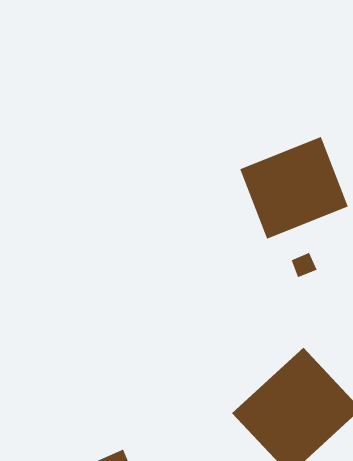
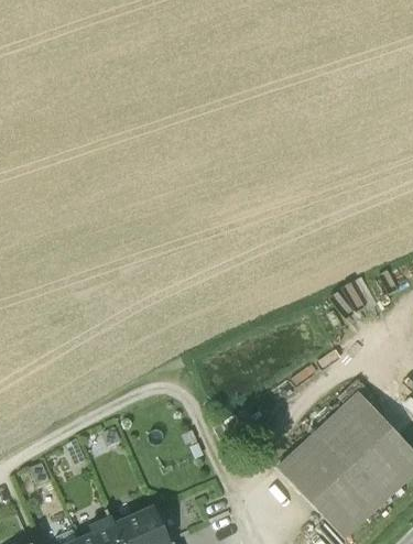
building: [239,136,349,239] -> none

